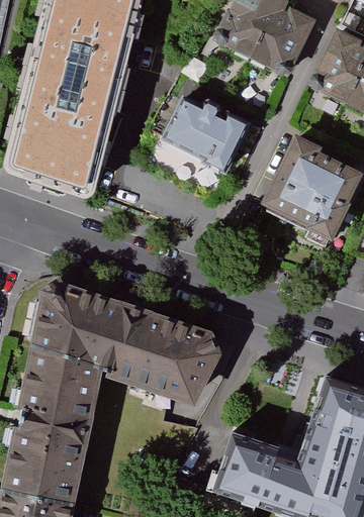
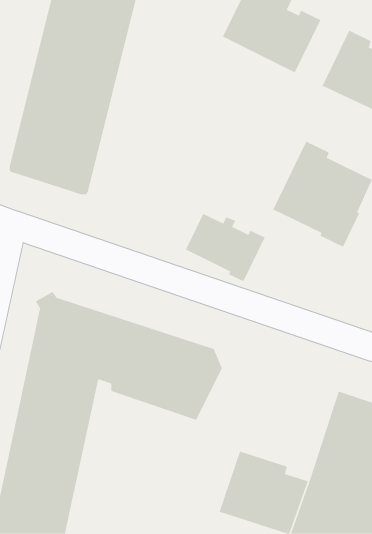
building: [168,101,246,168] -> [185,213,266,282]

